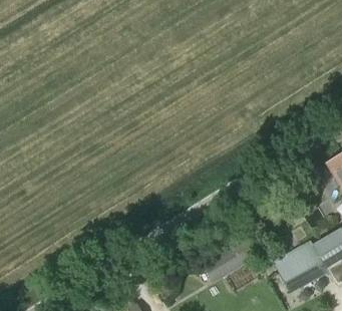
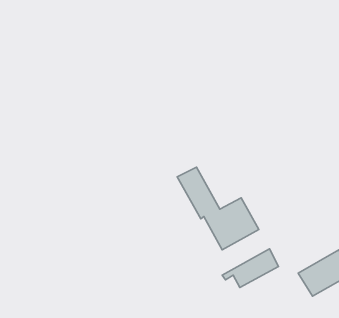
building: none -> [177,167,259,250]

